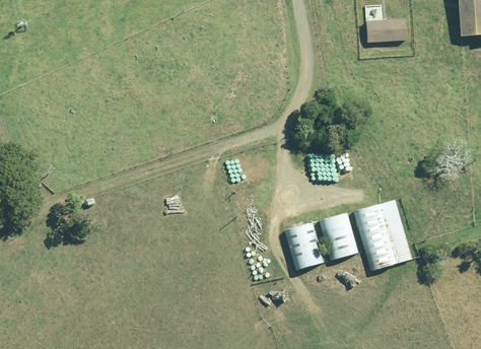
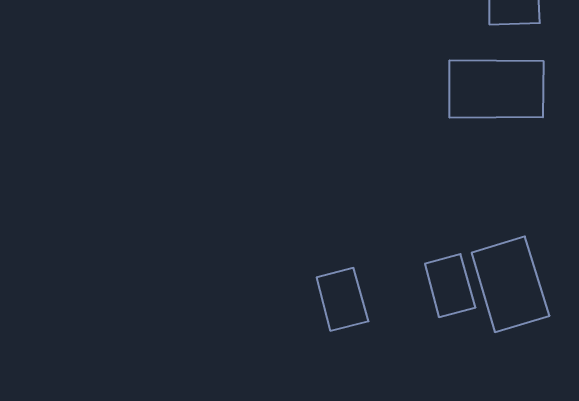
building: none -> [450,60,543,118]
building: [285,222,324,269] -> [317,268,369,331]

